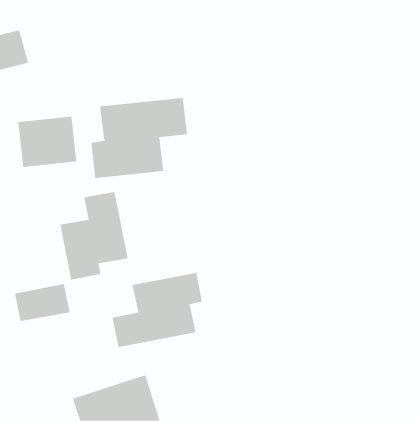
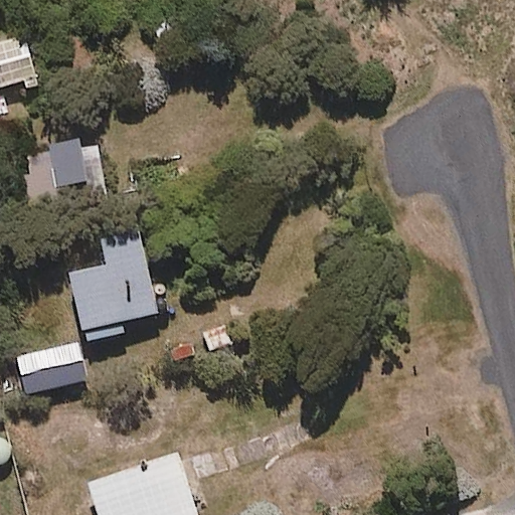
building: [91,97,188,179] -> none
building: [112,272,202,348] -> none

